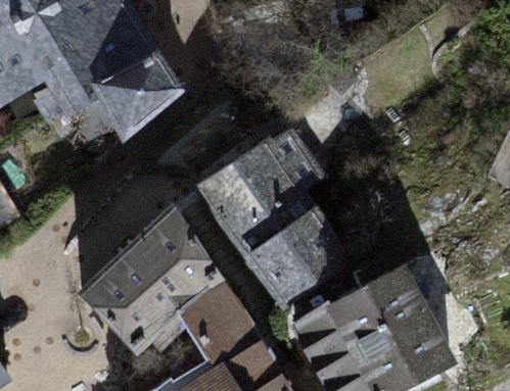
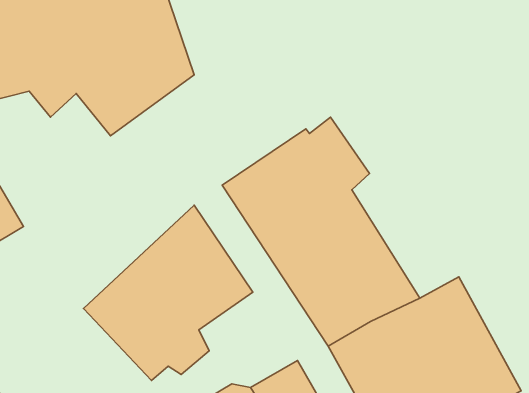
building: [176,279,262,361] -> none

